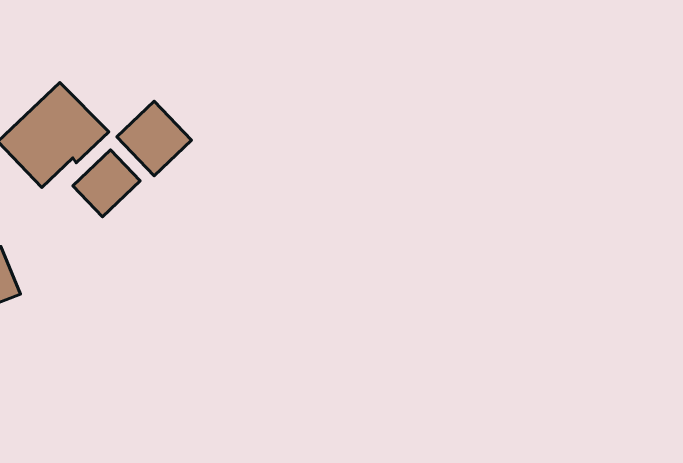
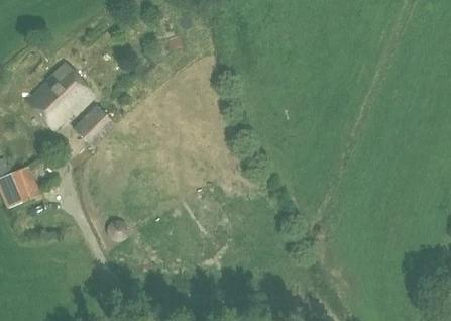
building: [117,101,192,176] -> none

